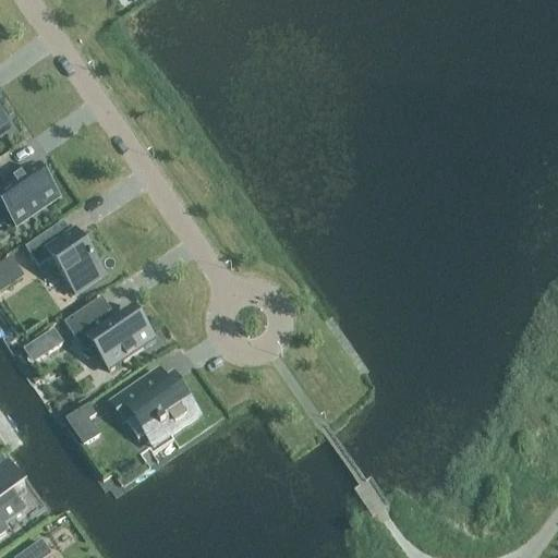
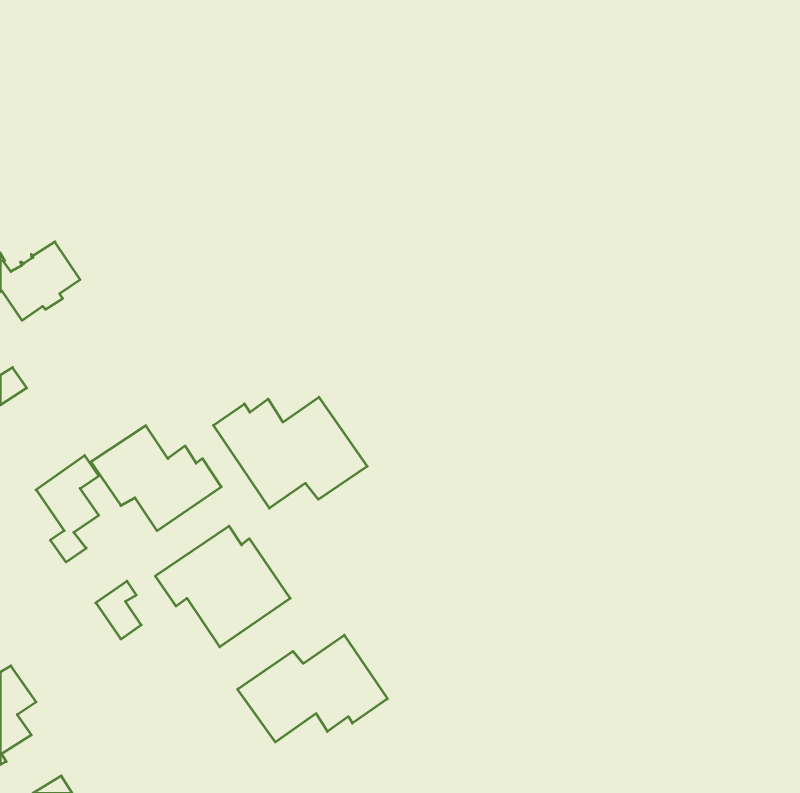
building: [29,230,99,289] -> none
building: none -> [213,397,367,508]
building: none -> [238,635,387,742]

